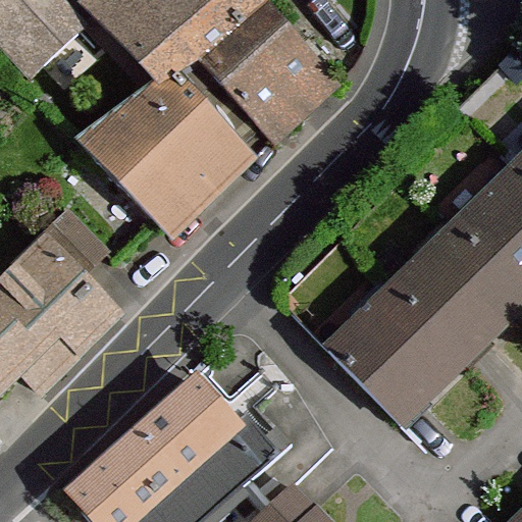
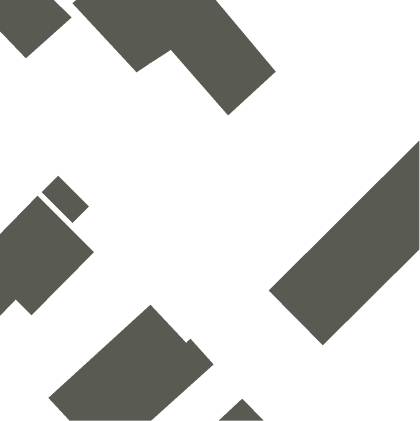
building: [87,79,254,237] -> none

